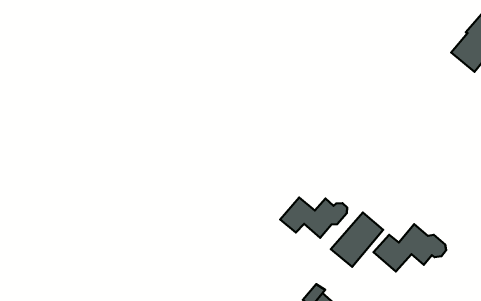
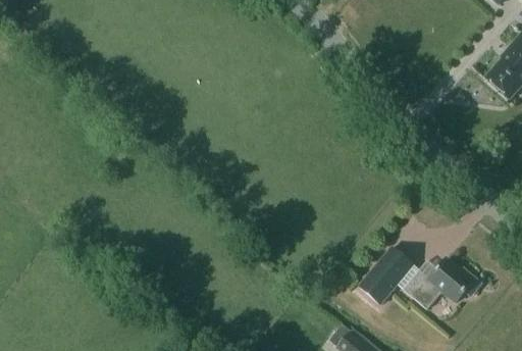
building: [280,197,347,238] -> none

